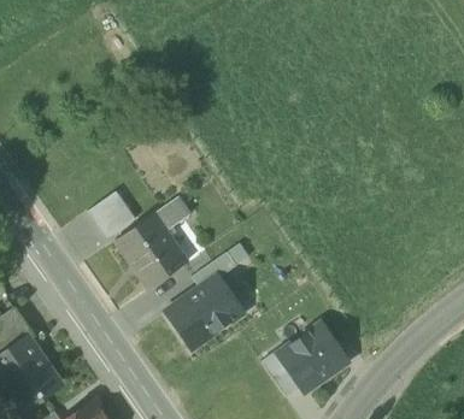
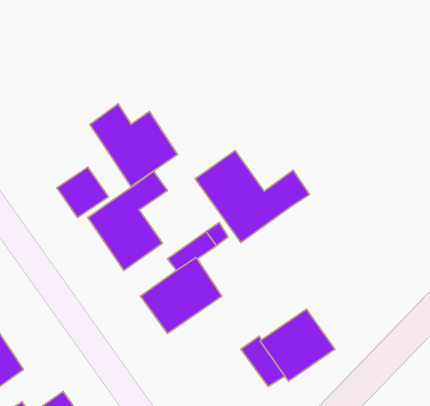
building: none -> [90,104,178,187]
building: none -> [195,151,309,243]

